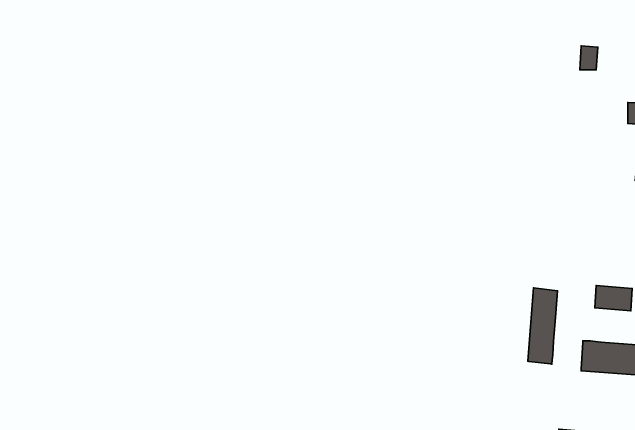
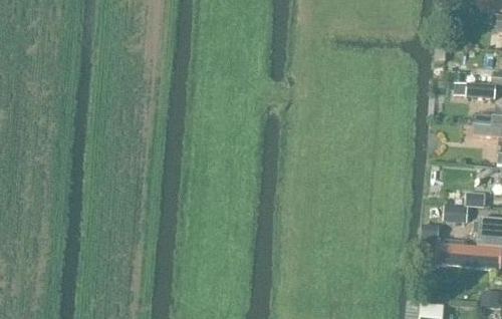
building: [528,288,557,364] -> none

